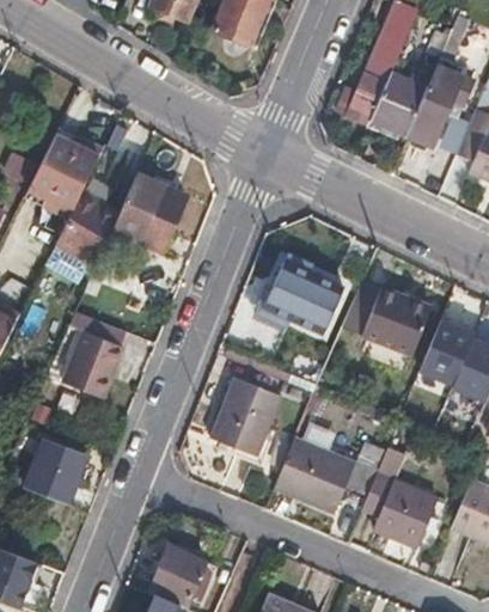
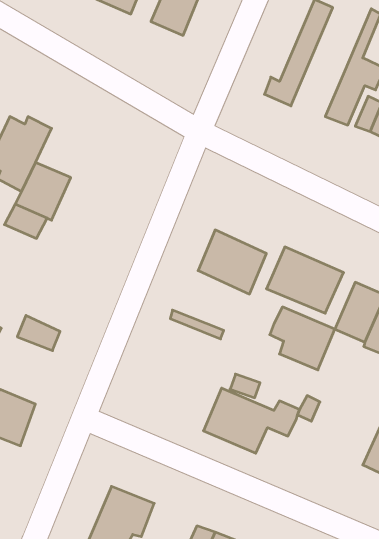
building: [371,72,428,135] -> none
building: [112,175,183,249] -> none
building: [69,311,127,375] -> none
building: [210,377,282,457] -> none
building: [361,473,434,544] -> [270,307,335,370]

